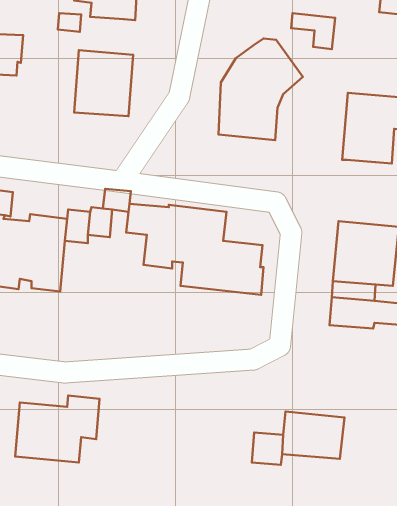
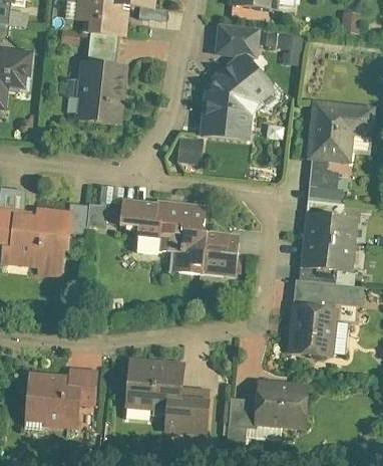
building: none -> [216,26,260,57]
building: none -> [87,36,118,65]
building: none -> [176,140,203,164]
building: none -> [309,161,342,202]
building: none -> [288,304,335,356]
building: none -> [125,359,210,428]

